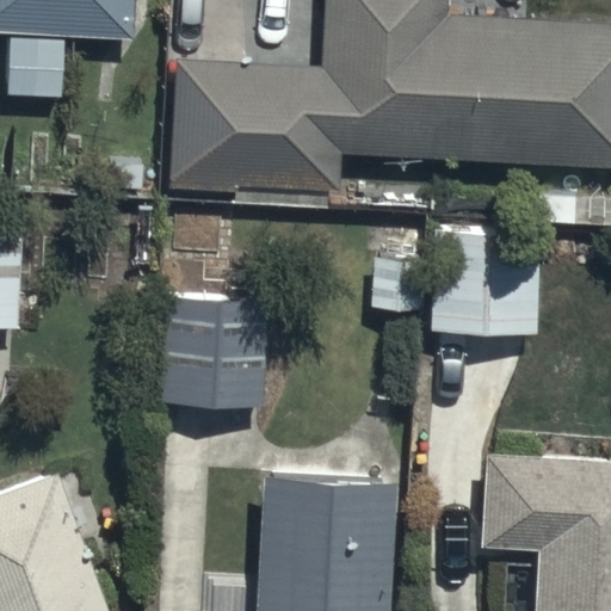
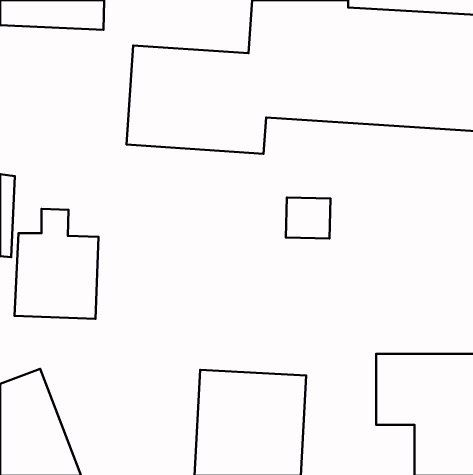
building: [432,252,539,335] -> none
building: [162,266,270,407] -> [15,209,98,319]

